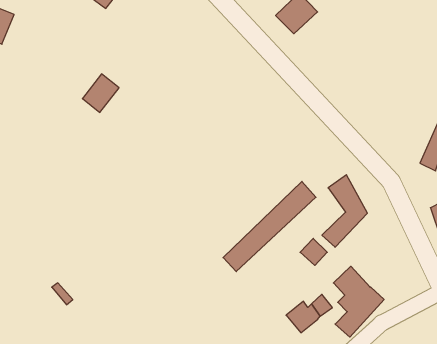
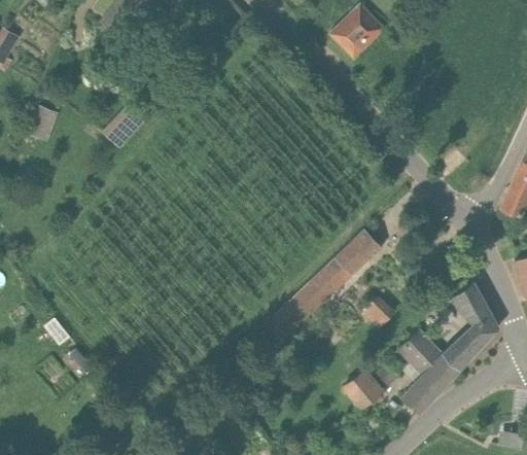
building: none -> [30,104,61,141]
building: [322,175,367,247] -> [444,284,497,370]

